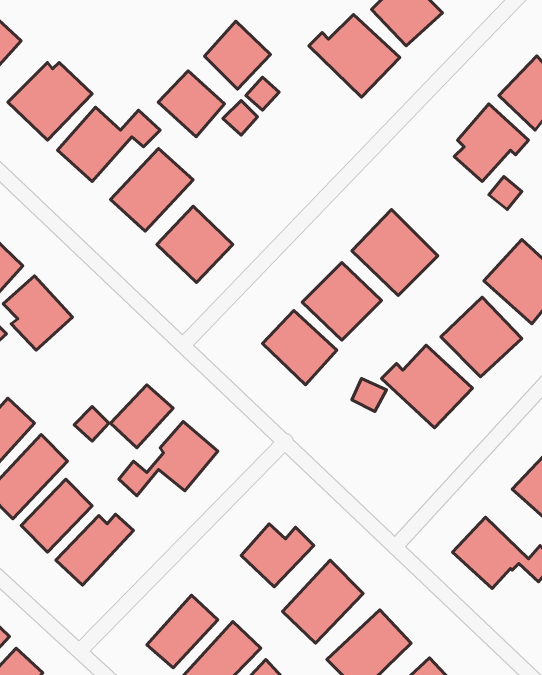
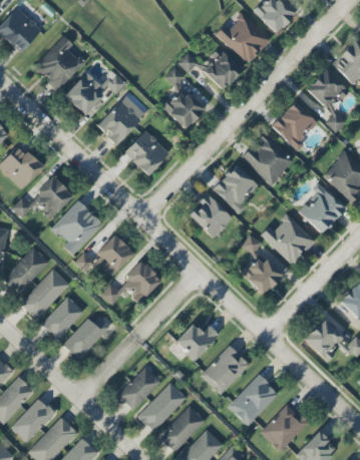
building: [204,21,271,89] -> [202,49,242,90]
building: [158,71,224,137] -> [162,89,203,129]
building: none -> [271,101,318,148]
building: none -> [51,200,102,256]
building: none -> [241,255,281,295]

